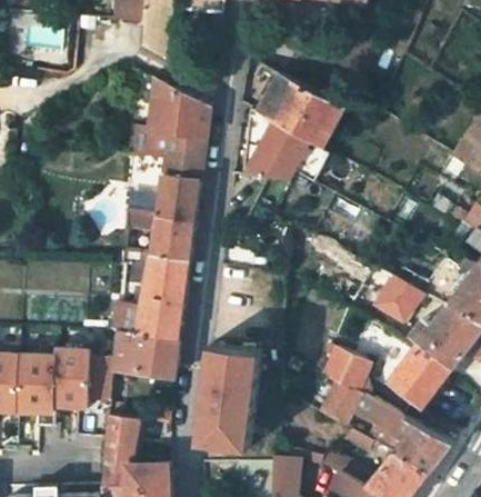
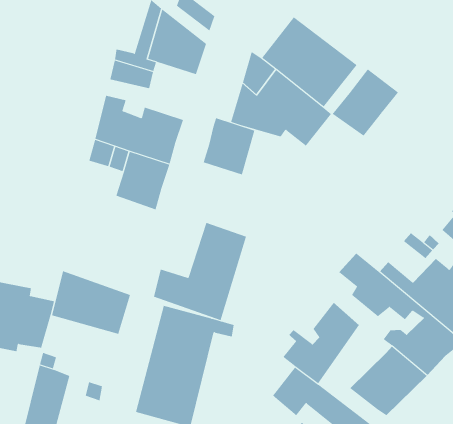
building: none -> [332,69,399,137]
building: [163,133,204,180] -> [203,118,255,175]
building: [116,257,189,341] -> [153,222,247,321]

